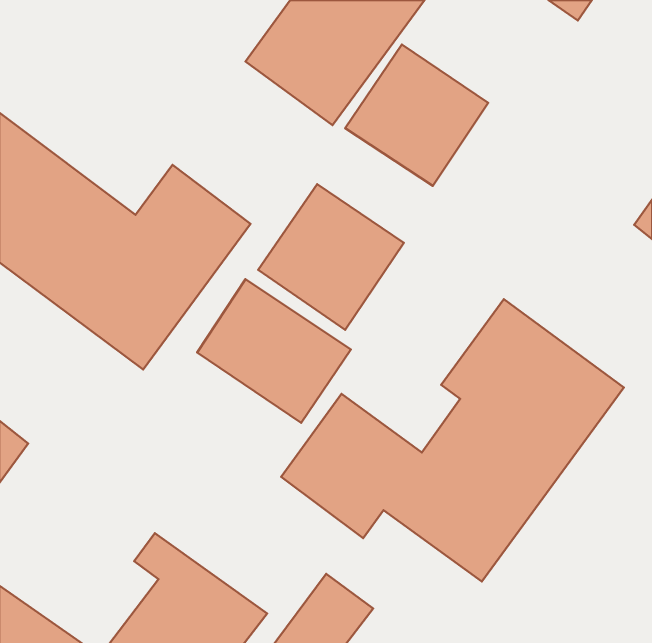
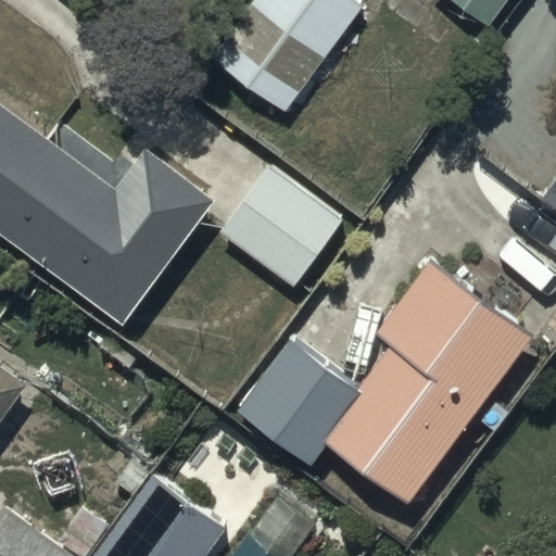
building: [345,44,488,186] -> none
building: [197,279,351,423] -> none

